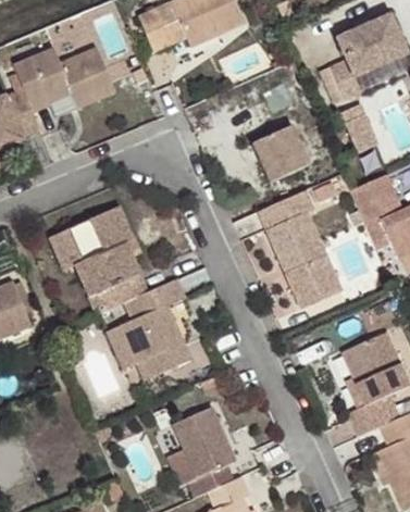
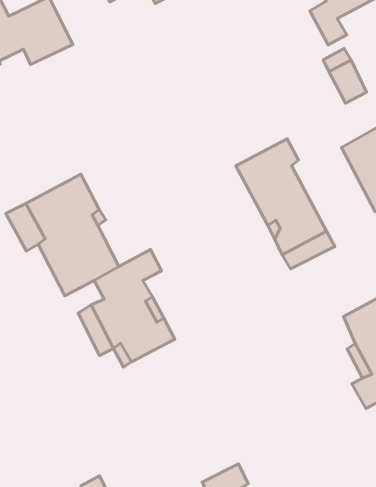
building: [249,122,308,178] -> none
building: [170,404,235,476] -> none

